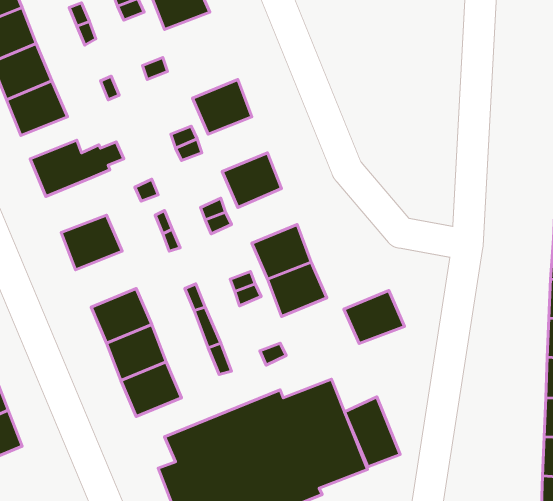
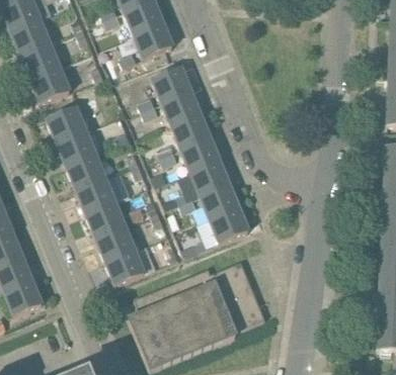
building: none -> [134,23,172,59]
building: none -> [162,91,201,126]
building: none -> [57,130,96,166]
building: none -> [181,137,220,173]
building: none -> [76,178,115,214]
building: [344,291,405,344] -> [210,208,249,243]
building: [345,397,400,467] -> none

